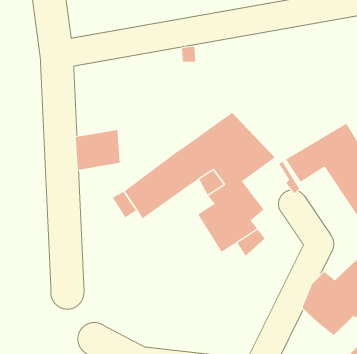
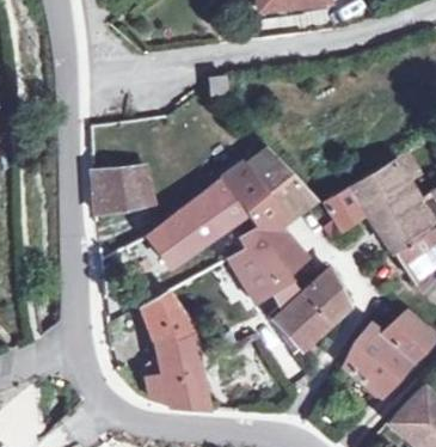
building: none -> [274,271,349,350]
building: none -> [145,292,209,408]

